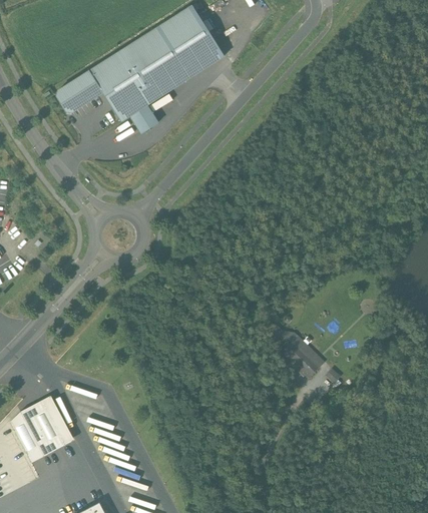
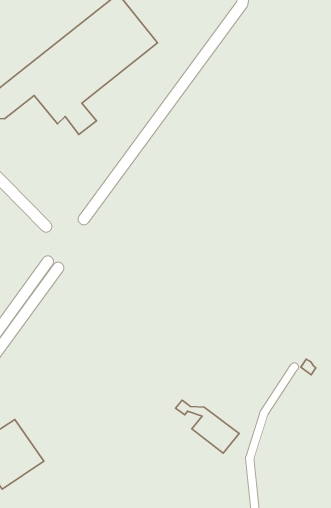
building: [268,324,325,378] -> [176,400,239,453]

